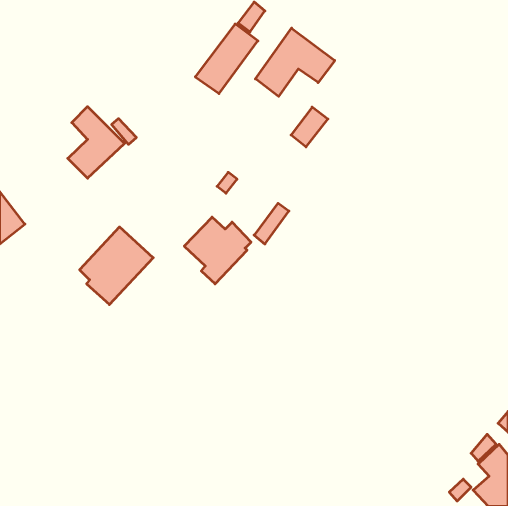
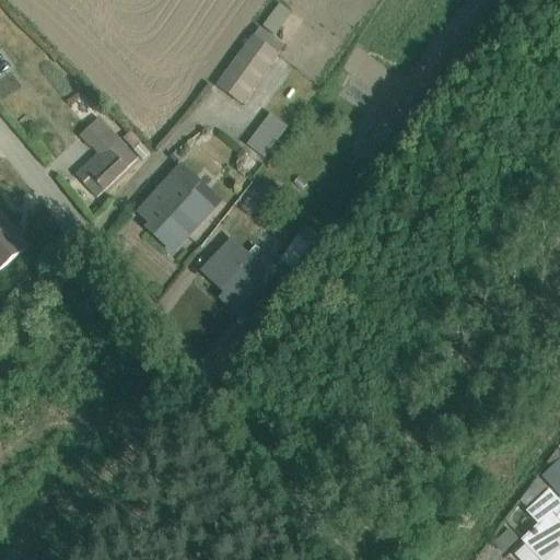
building: [255,28,335,96] -> none
building: [291,107,328,147] -> [246,113,287,156]
building: [80,227,153,305] -> [139,164,220,249]

